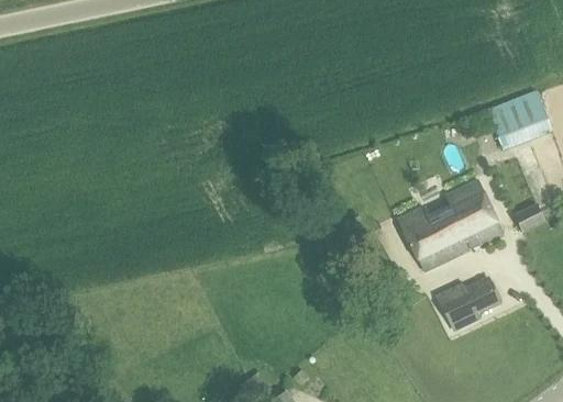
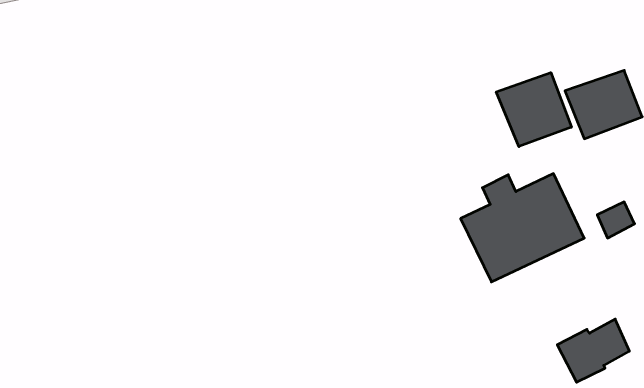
building: none -> [496,73,571,147]
building: [438,276,499,330] -> [557,319,629,382]

